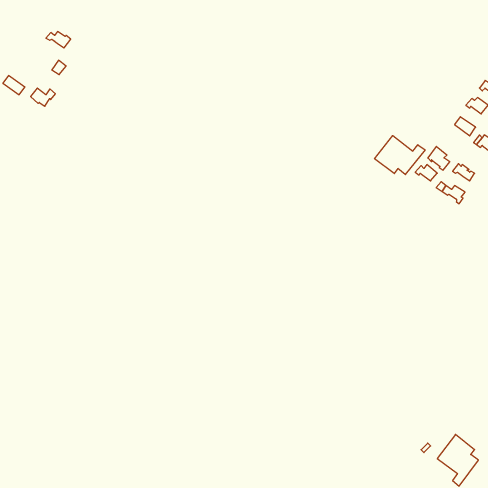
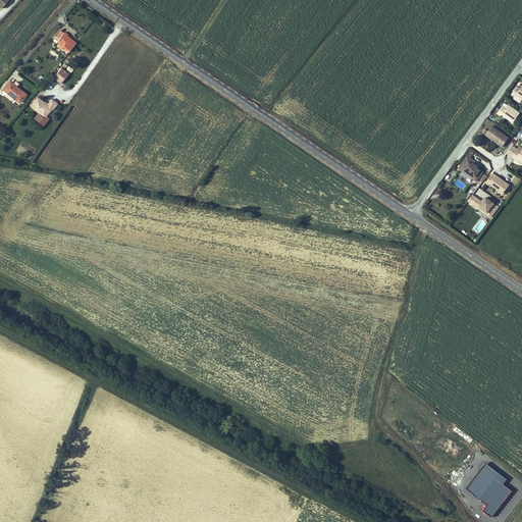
building: [375,136,425,175] -> none

